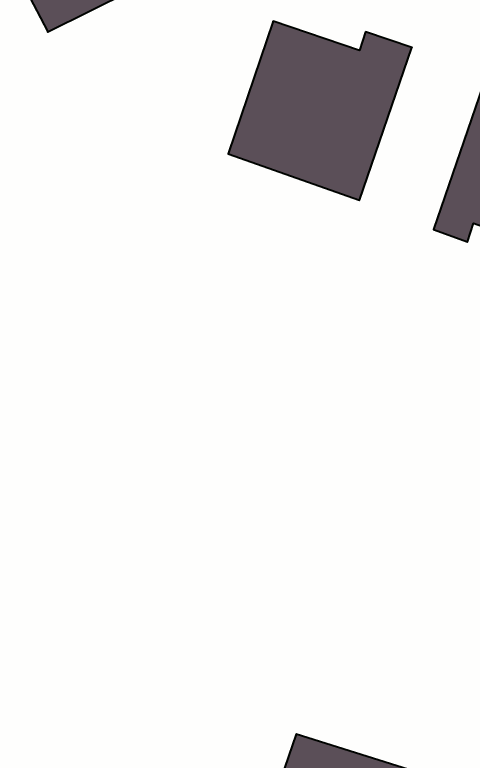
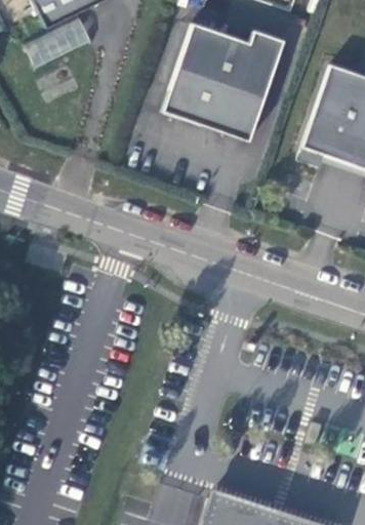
building: none -> [25,16,93,69]

